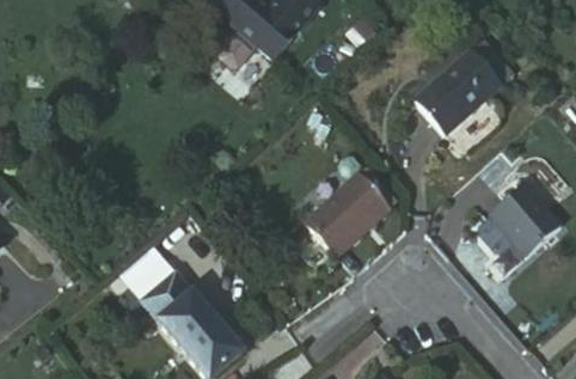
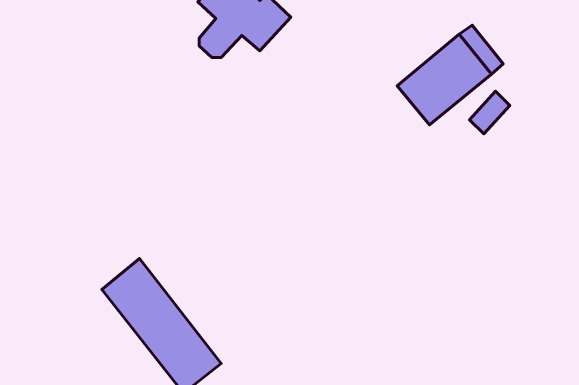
building: [294,169,379,256] -> none
building: [479,191,552,265] -> none

